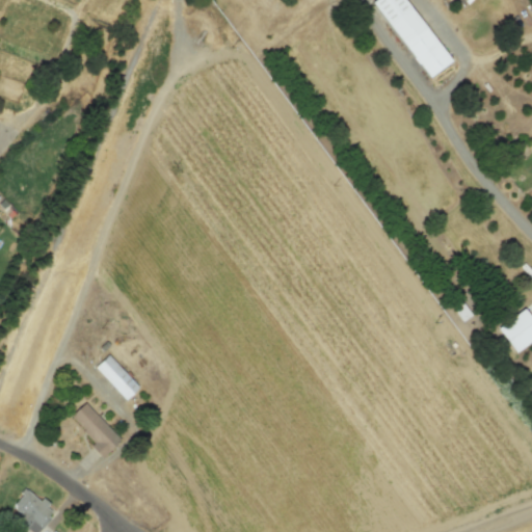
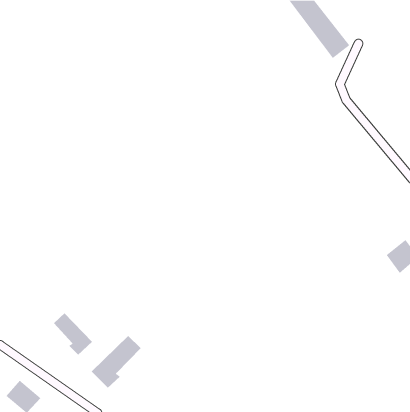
building: [96,355,140,400] -> none
building: none -> [91,335,142,389]

